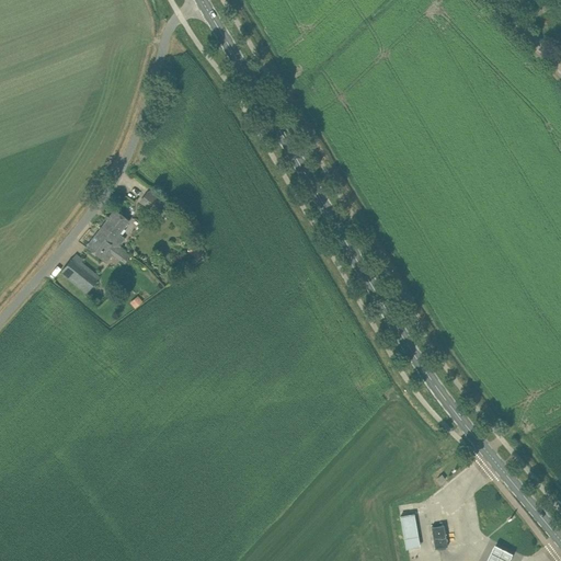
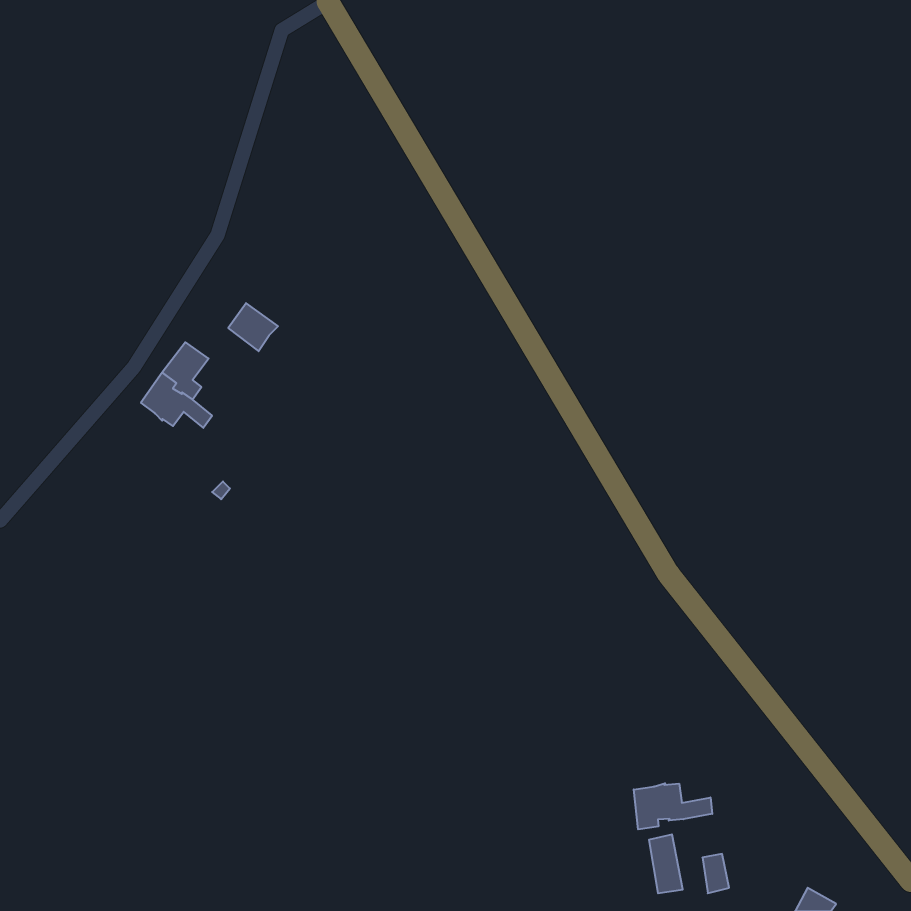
building: [60,259,98,294] -> none
building: none -> [634,783,712,829]

